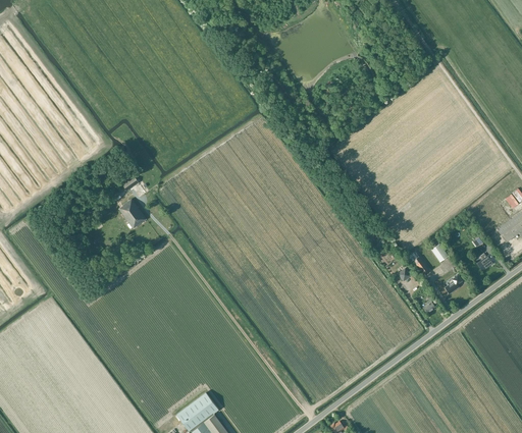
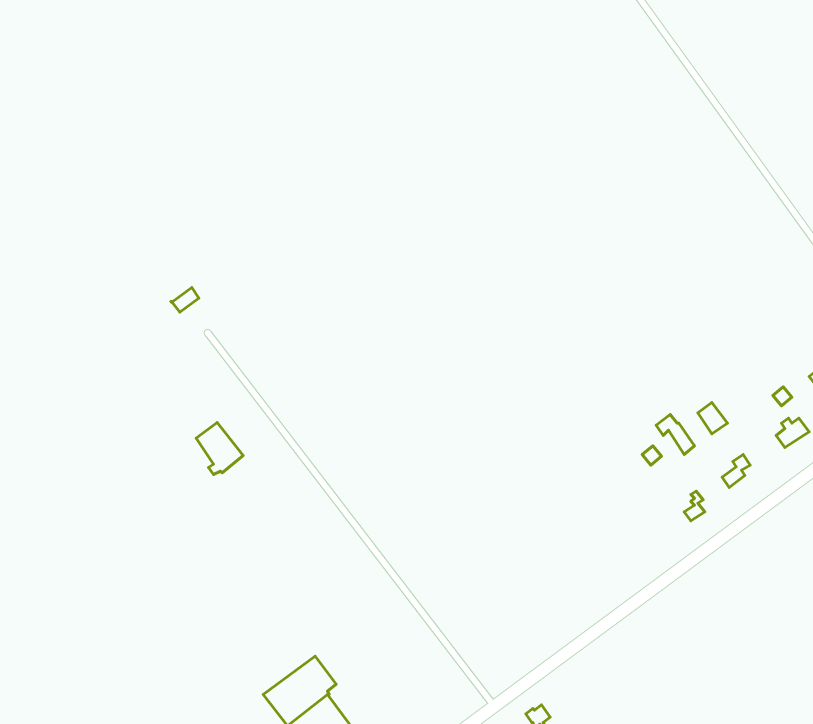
building: [118,199,146,229] -> [196,422,243,475]

